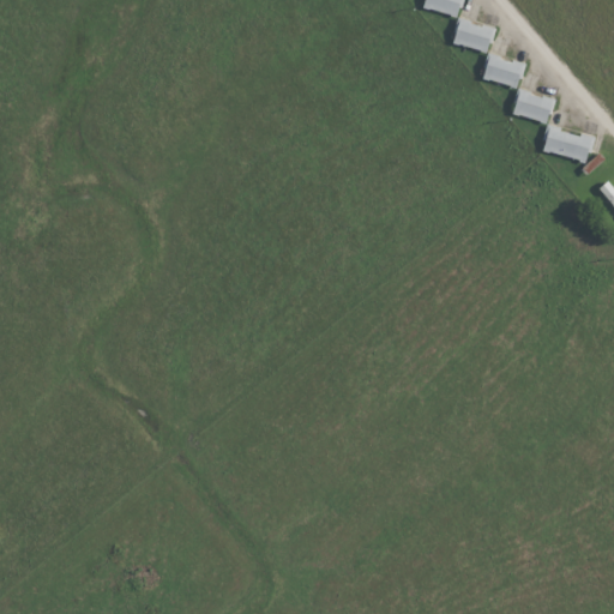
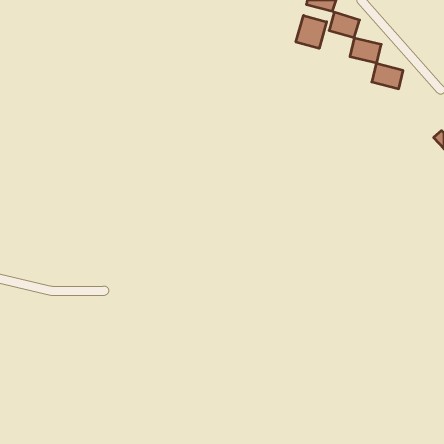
building: none -> [296,15,327,48]
building: [542,126,594,162] -> none

